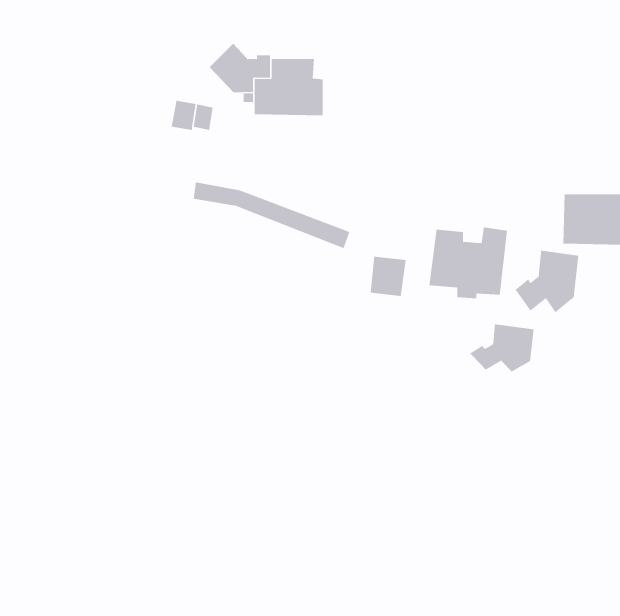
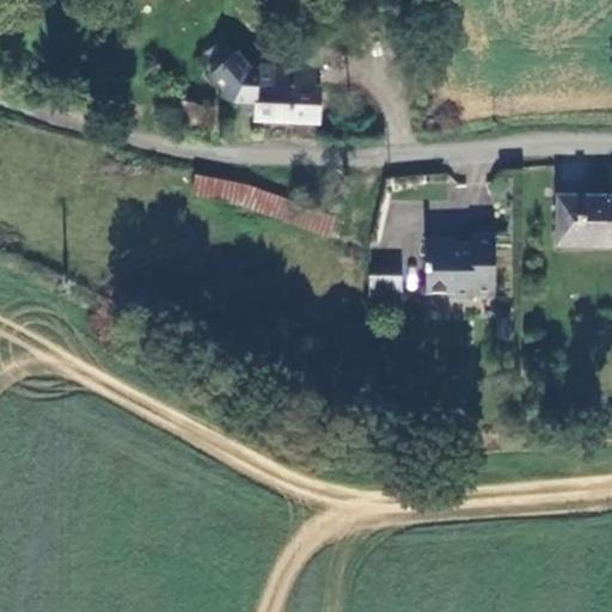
building: [515,250,579,313] -> none
building: [469,324,534,372] -> none

